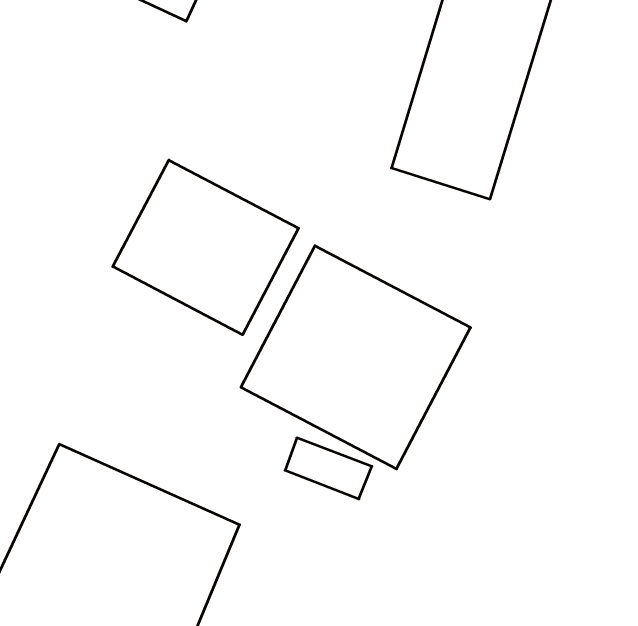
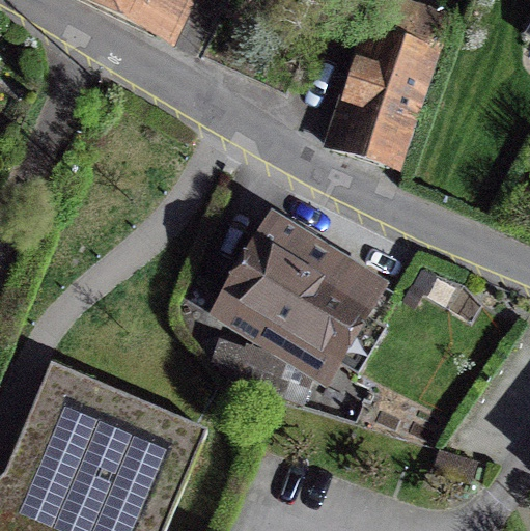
building: [113,160,299,335] -> none

